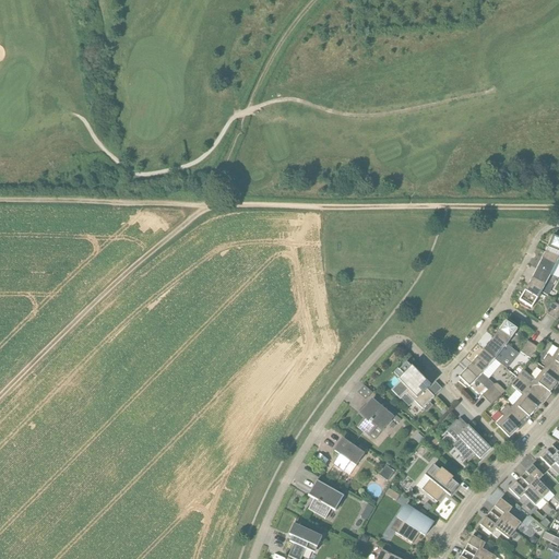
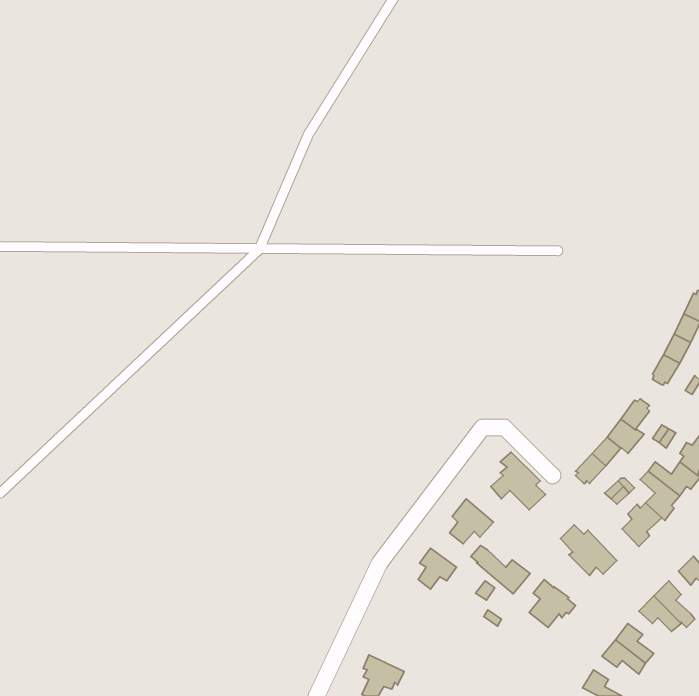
building: none -> [471,545,530,594]
building: [309,478,345,518] -> none
building: [396,503,435,542] -> none

